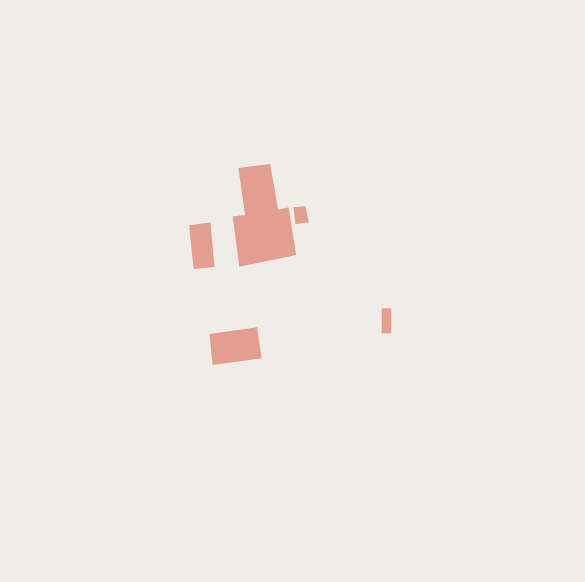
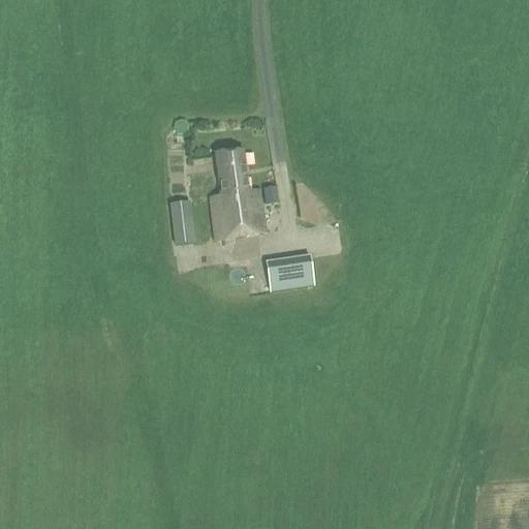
building: [208,327,262,366] -> [262,254,311,289]

